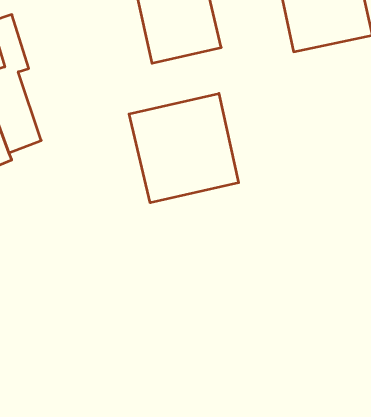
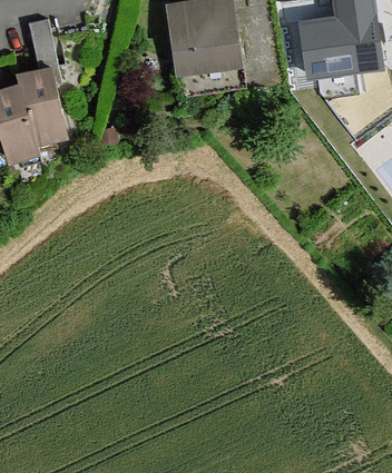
building: [129,93,239,203] -> none

